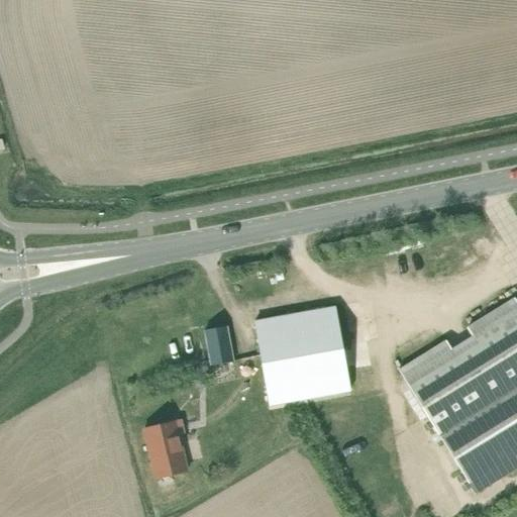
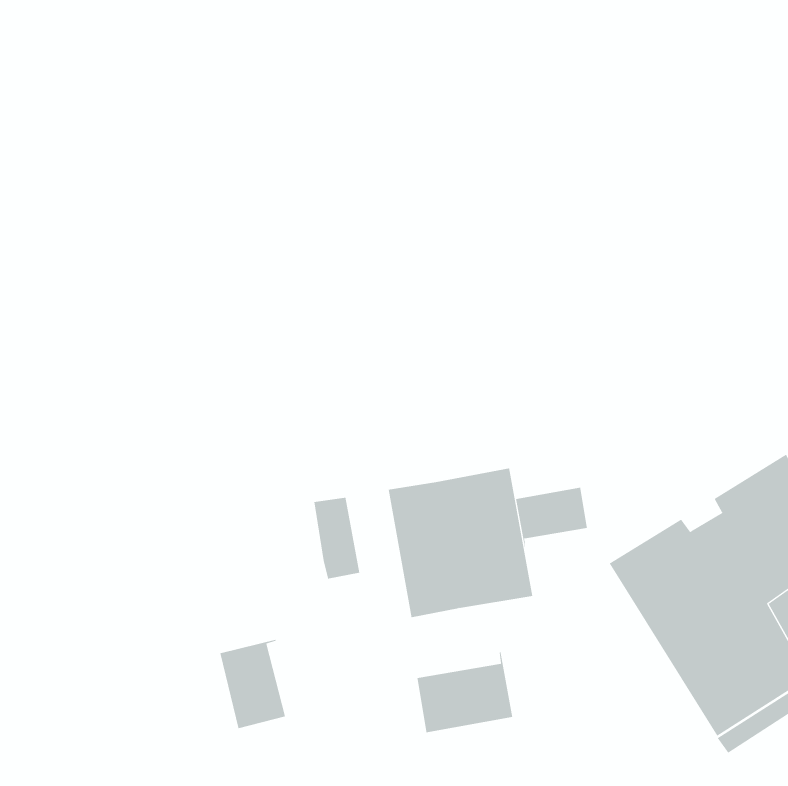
building: none -> [515,487,587,548]
building: none -> [417,651,513,733]

